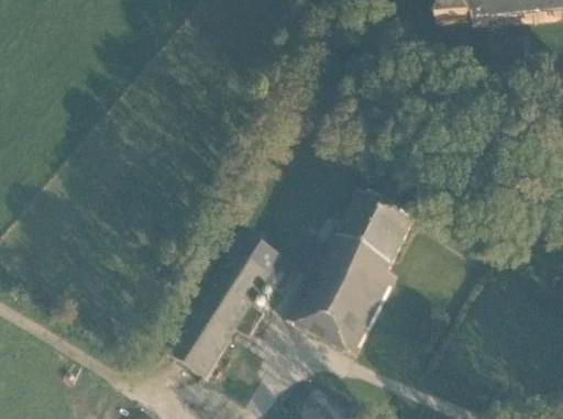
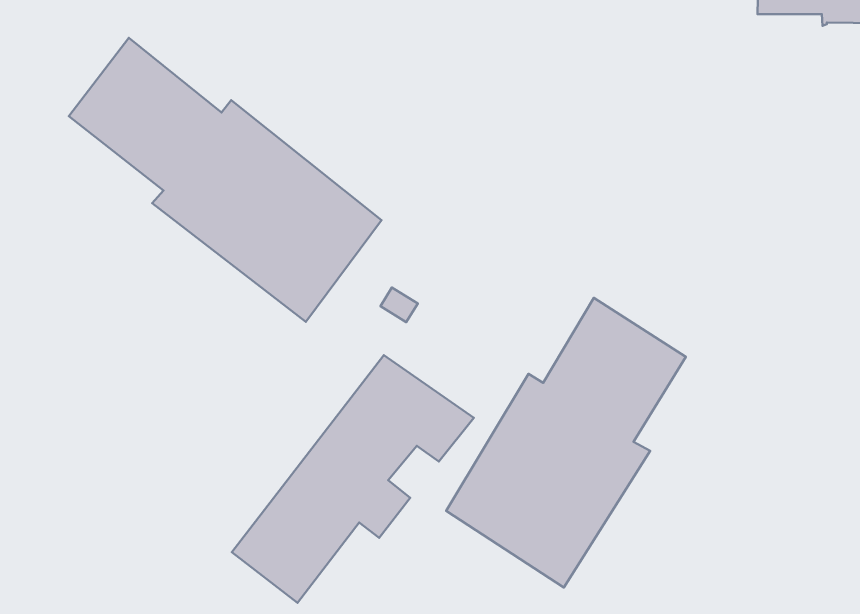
building: none -> [69,38,382,322]

